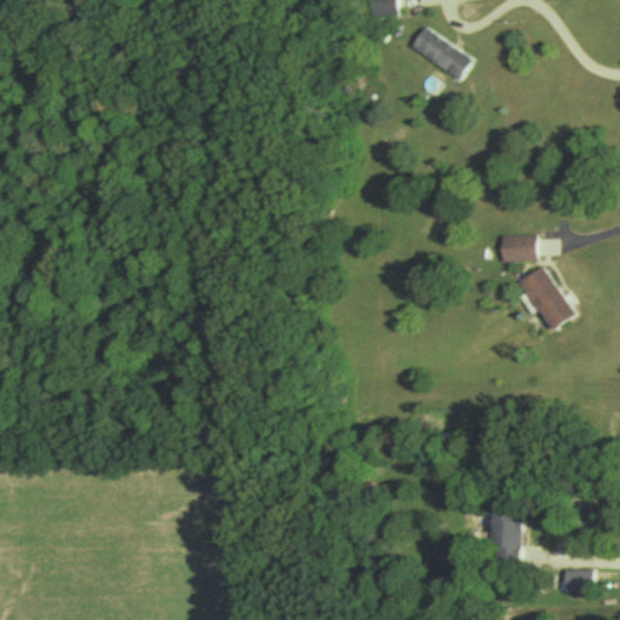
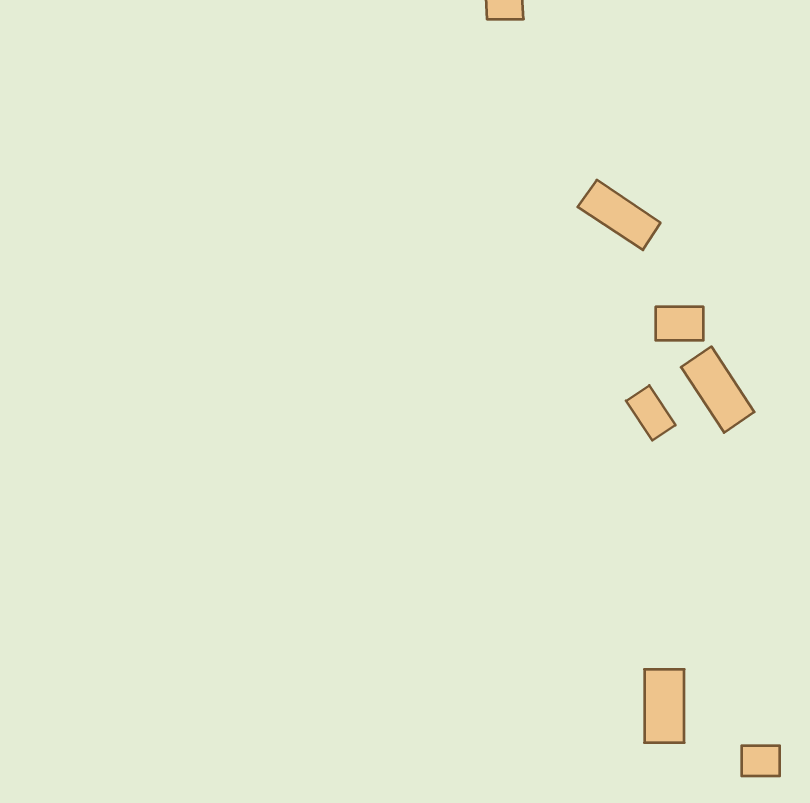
building: [409,27,472,80] -> [578,180,660,250]
building: none -> [626,385,675,440]

